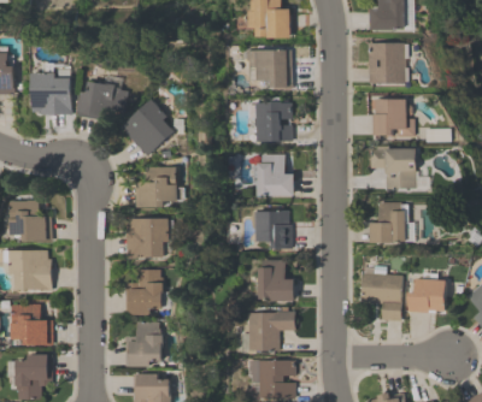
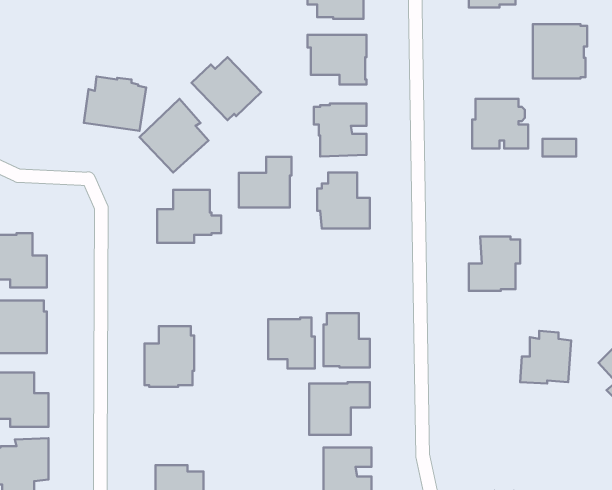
building: [366,42,407,83] -> [533,24,587,79]
building: none -> [192,57,261,120]
building: [31,72,71,114] -> none
building: none -> [239,157,291,208]
building: [369,149,416,189] -> none
building: [257,211,292,249] -> [268,317,315,369]
building: [125,218,166,258] -> none
building: [362,266,402,320] -> none
building: [124,321,161,367] -> none

